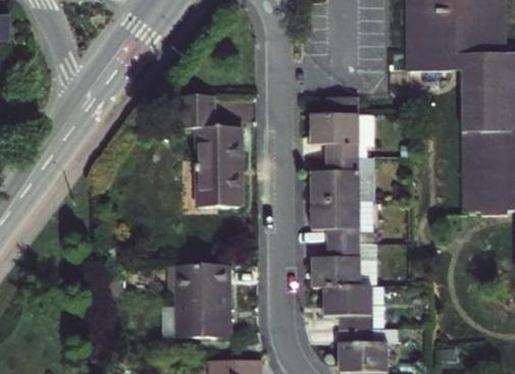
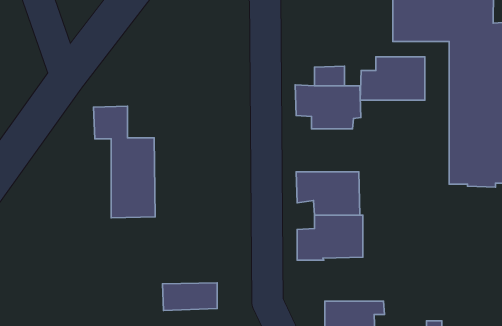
building: [183,92,244,203] -> [94,106,155,218]
building: [310,158,374,201] -> [360,57,425,100]
building: [176,265,231,312] -> none
building: [323,285,384,329] -> none

